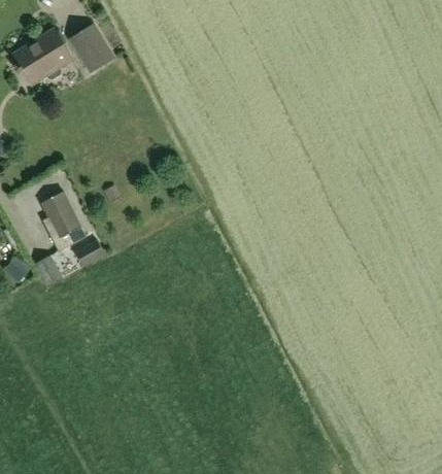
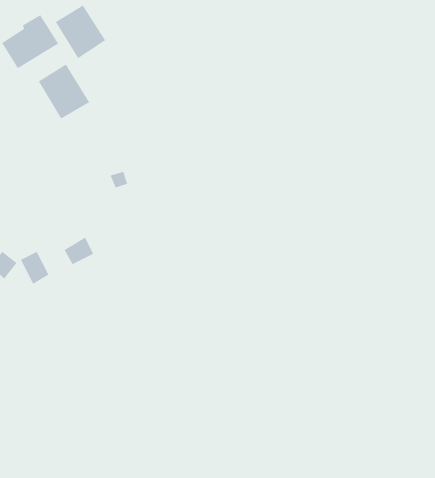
building: none -> [38,64,90,119]
building: [40,193,86,252] -> none

